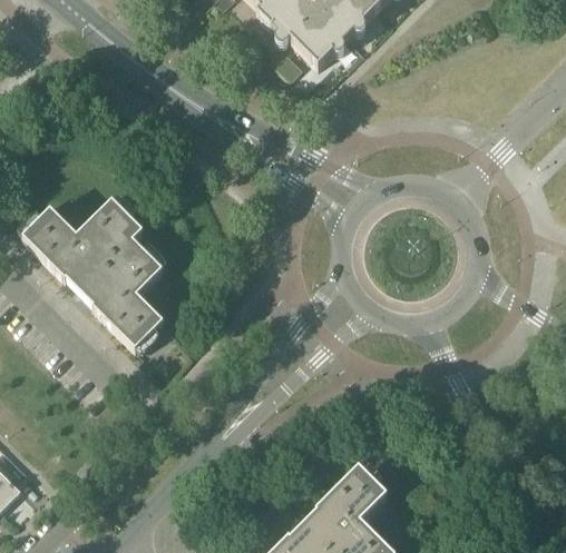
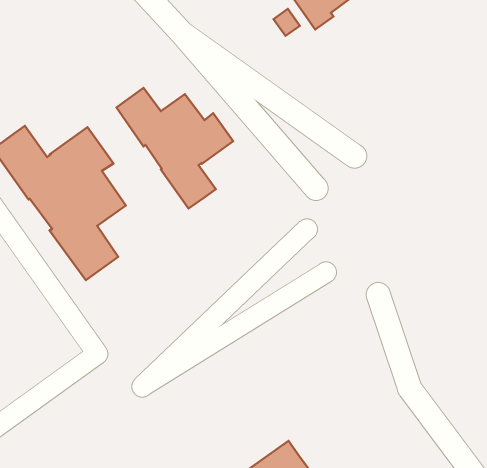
building: none -> [116,88,233,209]

